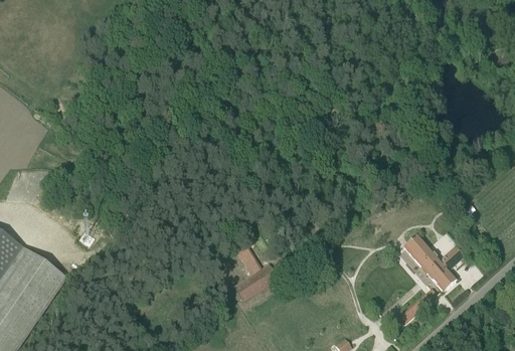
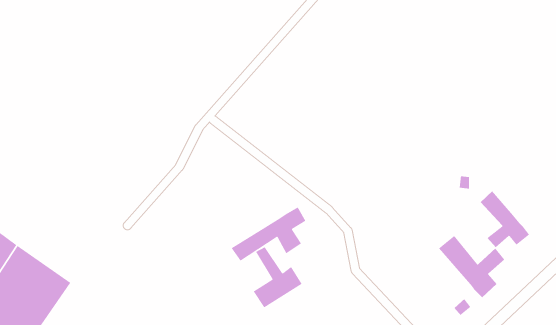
building: none -> [480,190,530,248]
building: none -> [231,207,306,261]

